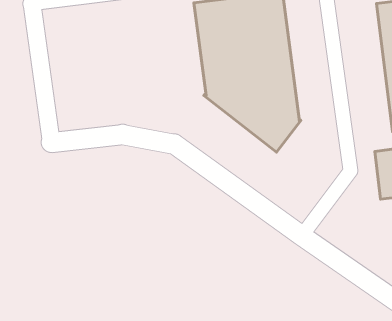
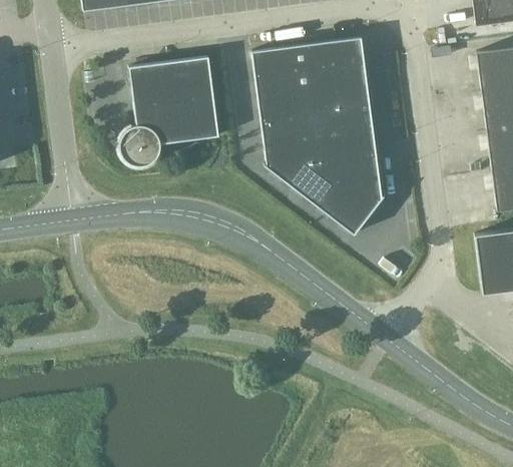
building: none -> [119,57,219,166]

